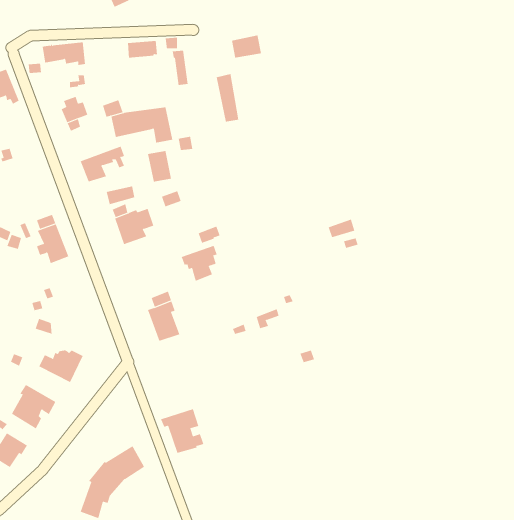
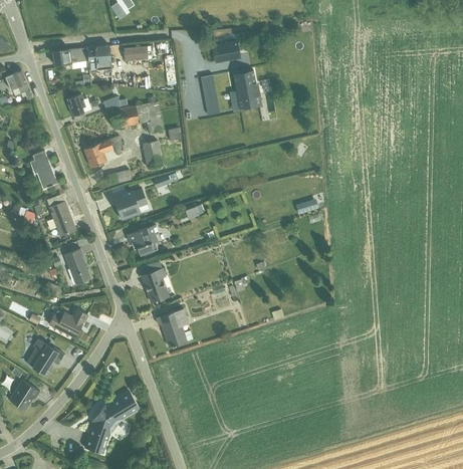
building: none -> [86,45,110,69]
building: none -> [230,69,261,110]
building: none -> [29,151,56,189]
building: [181,245,218,282] -> [127,225,158,256]
building: none -> [63,248,90,284]
building: [160,409,204,453] -> [155,308,192,346]

